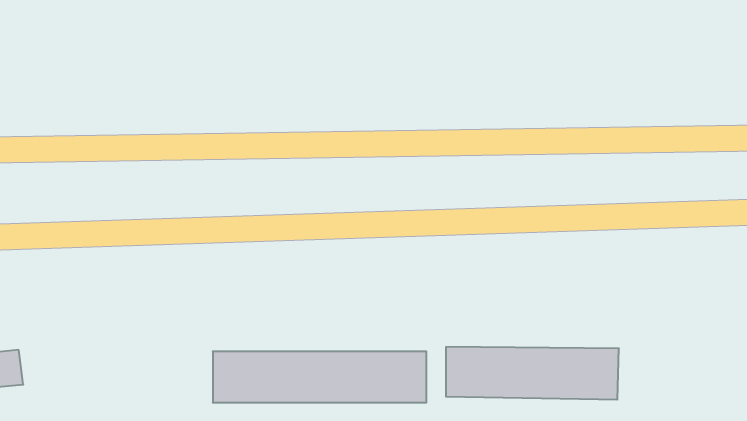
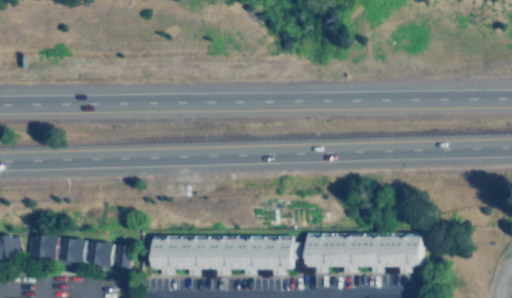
building: none -> [27,235,125,270]

